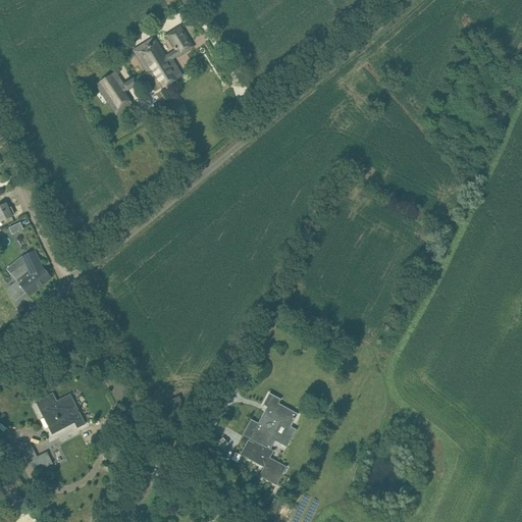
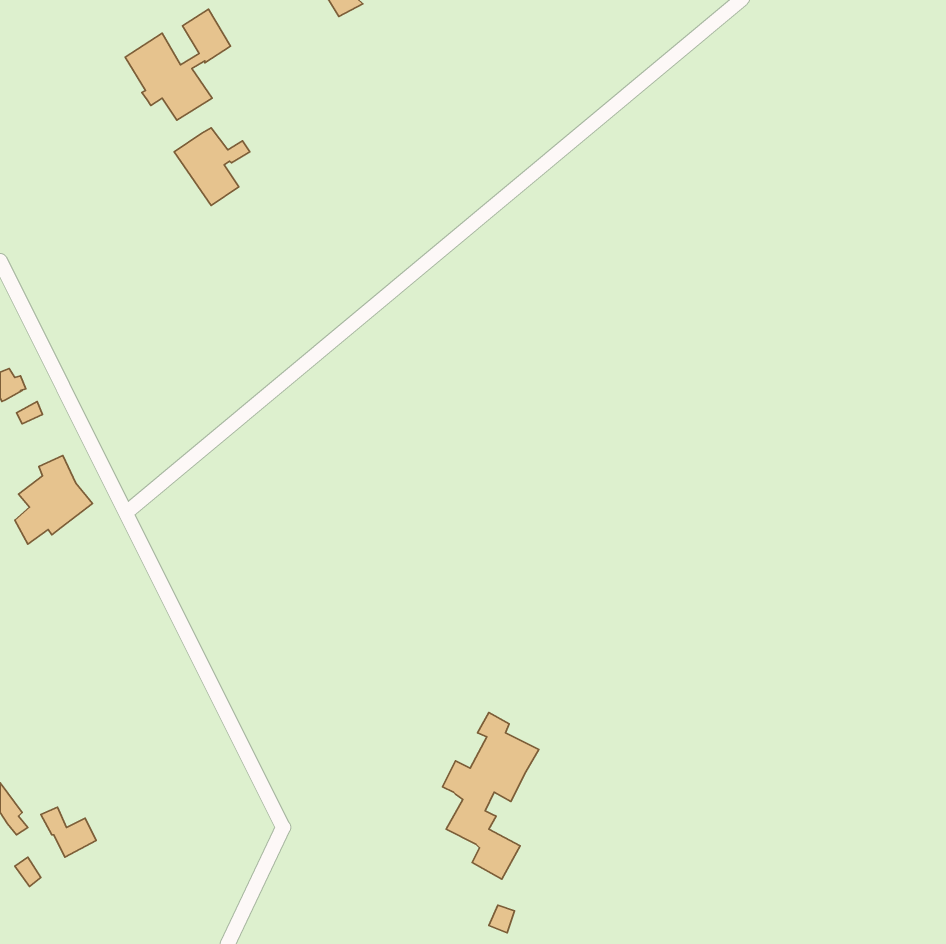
building: [135,25,193,87] -> [125,9,231,120]
building: [35,393,86,434] -> none

